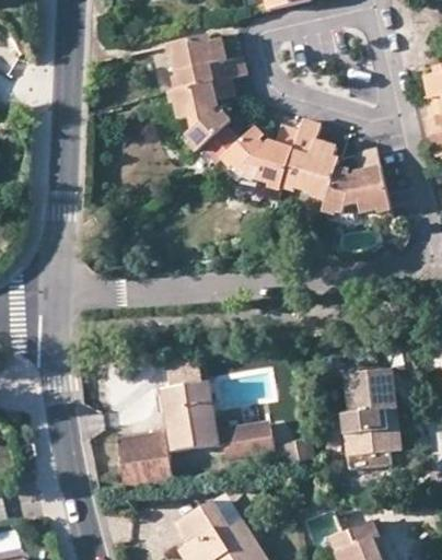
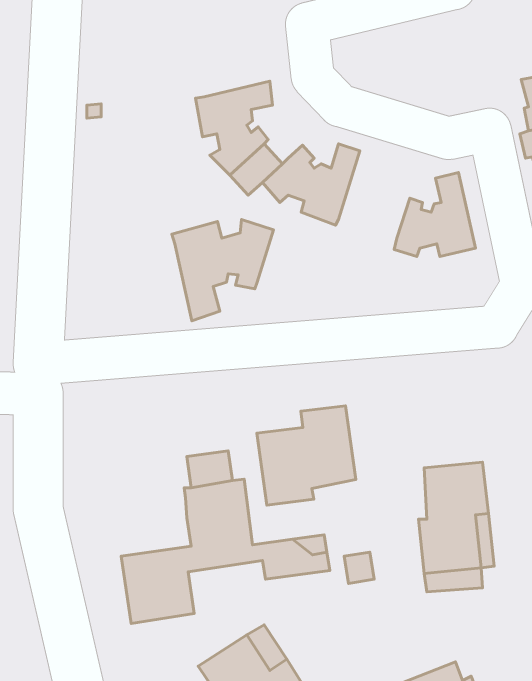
building: [170,35,243,89] -> none
building: [281,118,338,197] -> none
building: none -> [172,219,273,321]
building: none -> [257,406,356,505]

